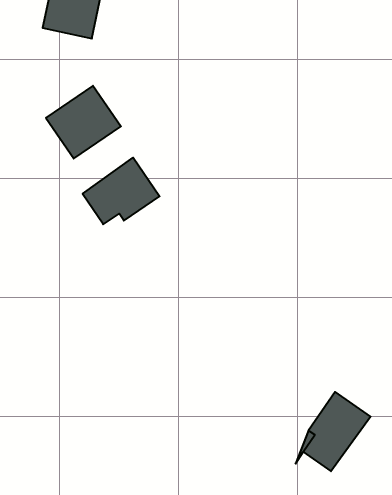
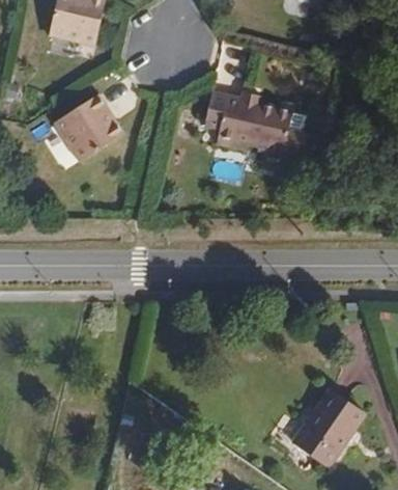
building: none -> [203,89,307,154]
building: [83,158,160,224] -> none

